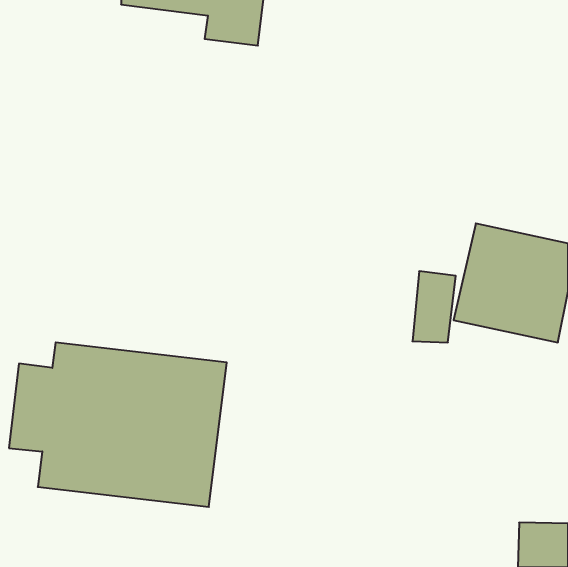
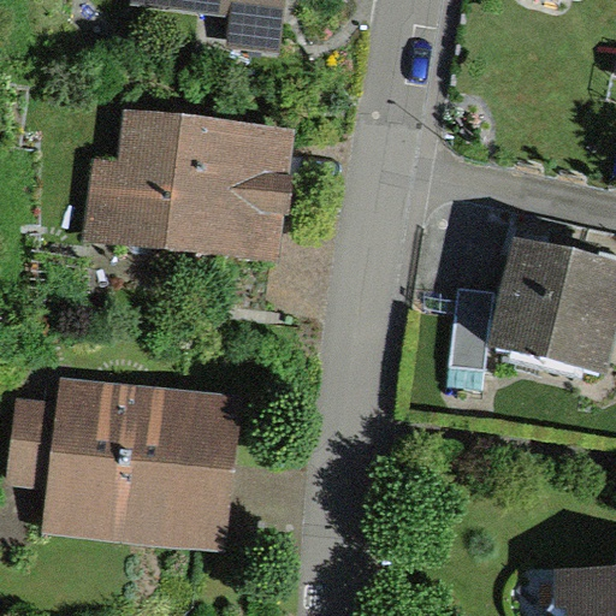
building: none -> [90,116,294,265]

